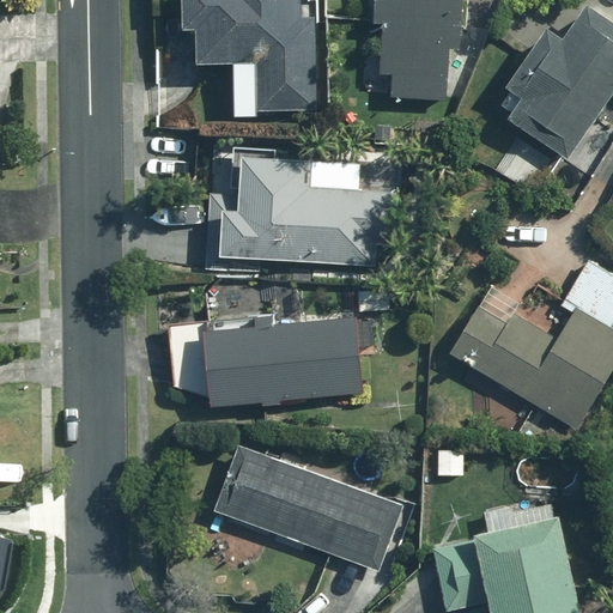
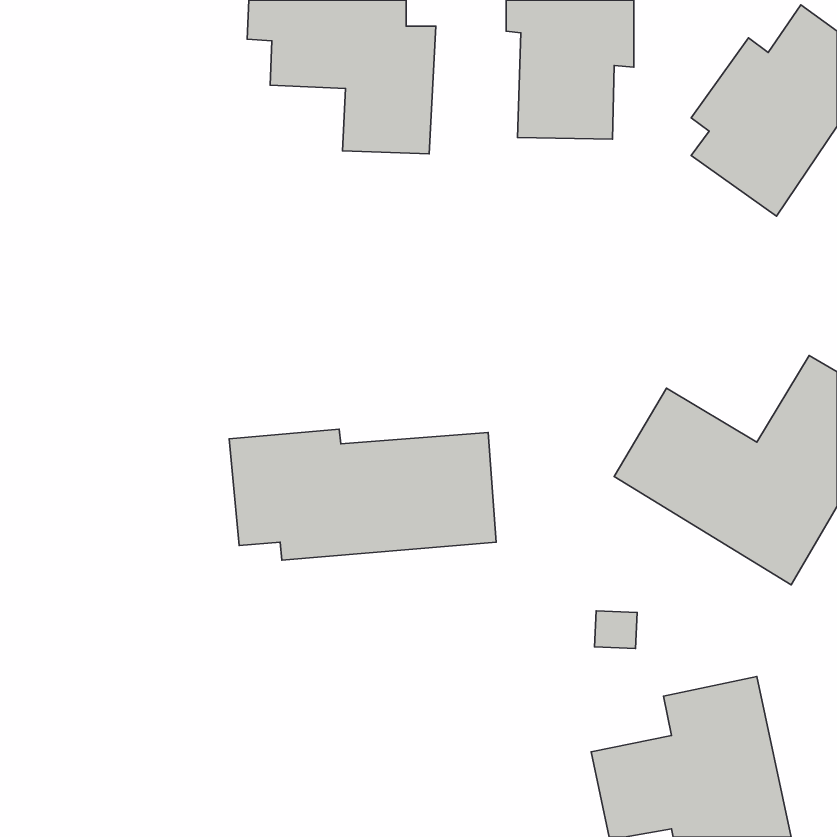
building: [206,144,394,273] -> none
building: [211,442,403,571] -> none

